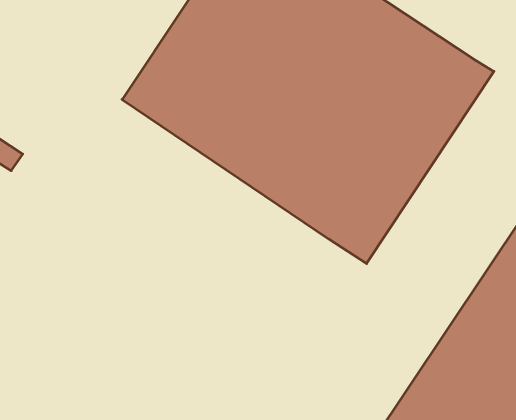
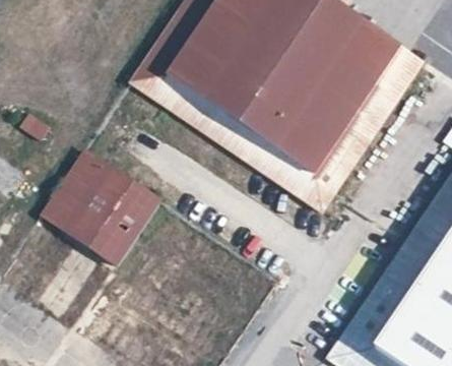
building: none -> [42,147,163,264]

